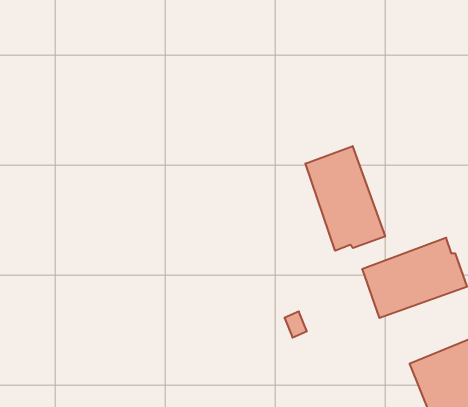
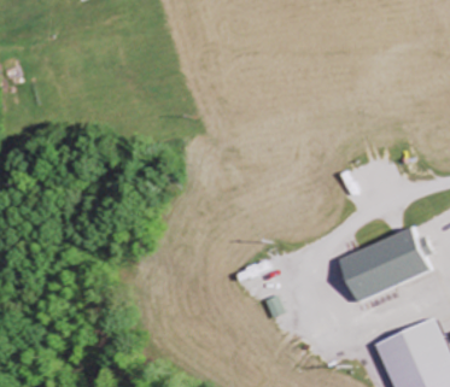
building: [305,146,385,251] -> none

